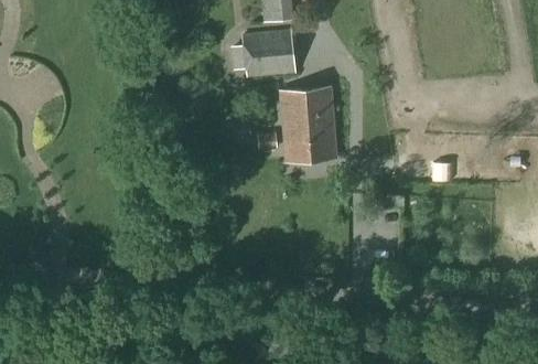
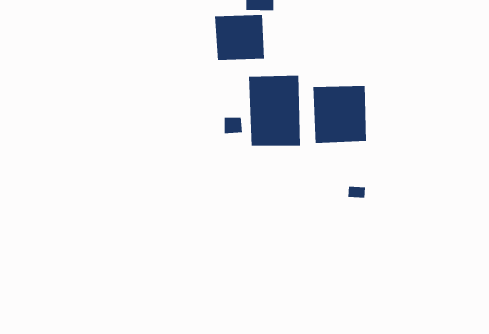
building: none -> [313,85,366,144]

